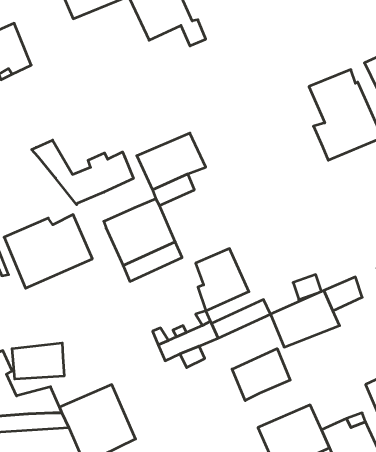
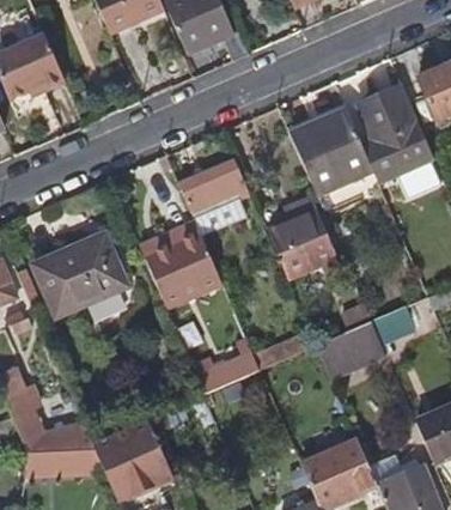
building: none -> [290,107,371,190]
building: [32,140,133,205] -> none
building: [196,249,249,311] -> [278,213,334,279]
building: [12,343,64,379] -> none
building: [232,349,290,401] -> none

